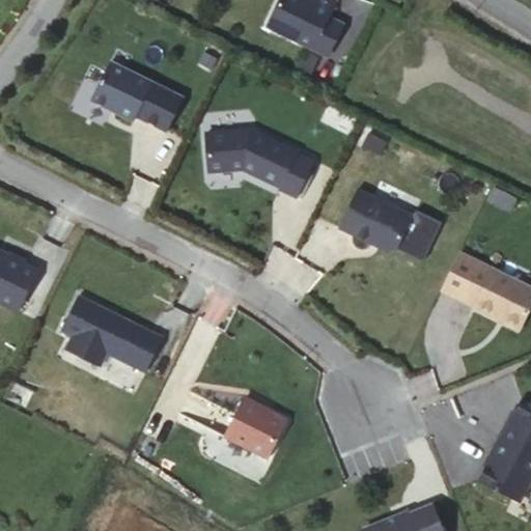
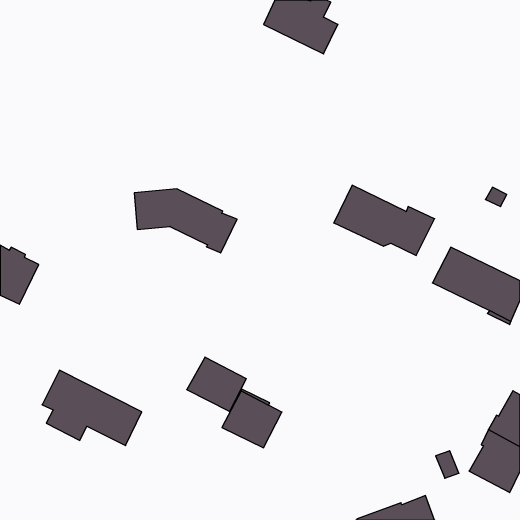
building: [92,61,186,131] -> none
building: [207,130,312,195] -> [134,189,237,253]
building: [61,295,163,371] -> [42,370,142,446]
building: none -> [187,357,246,412]

